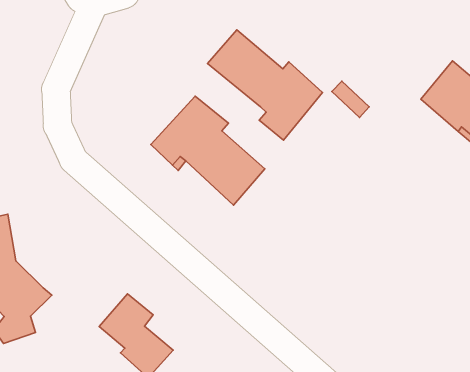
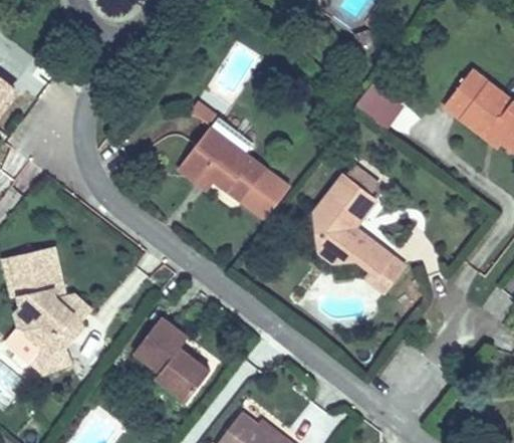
building: [208,30,323,140] -> none
building: none -> [309,164,407,292]
building: none -> [37,245,93,318]

